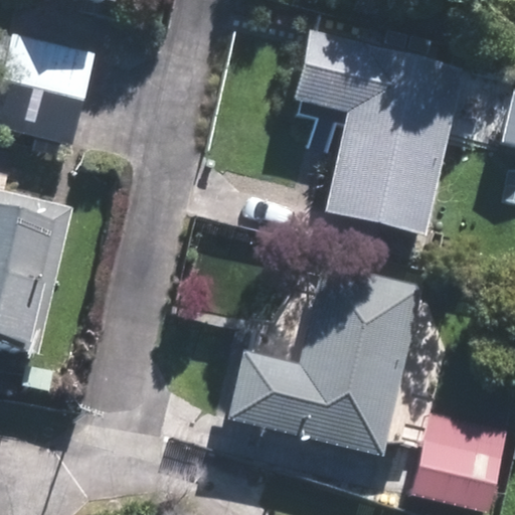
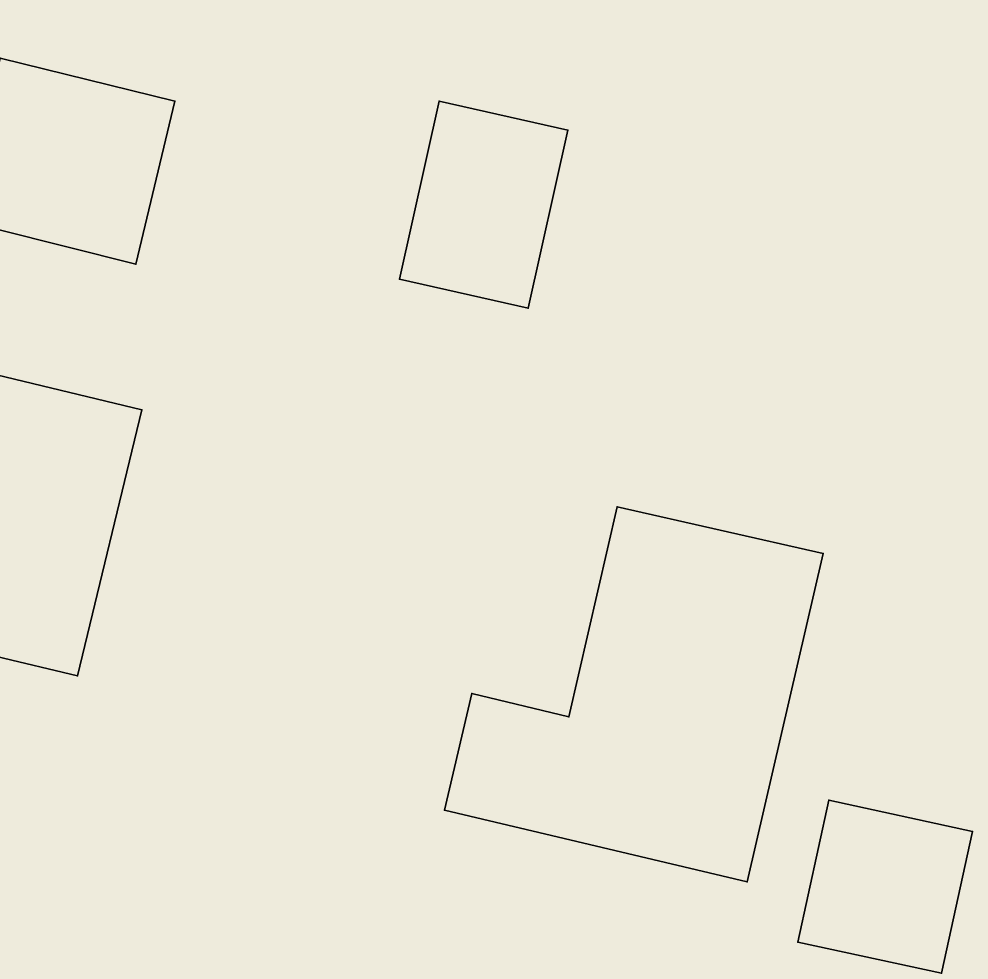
building: [291,44,457,231] -> none
building: none -> [399,101,568,308]

